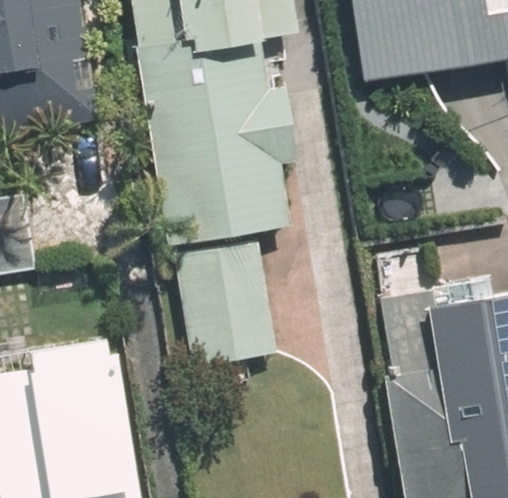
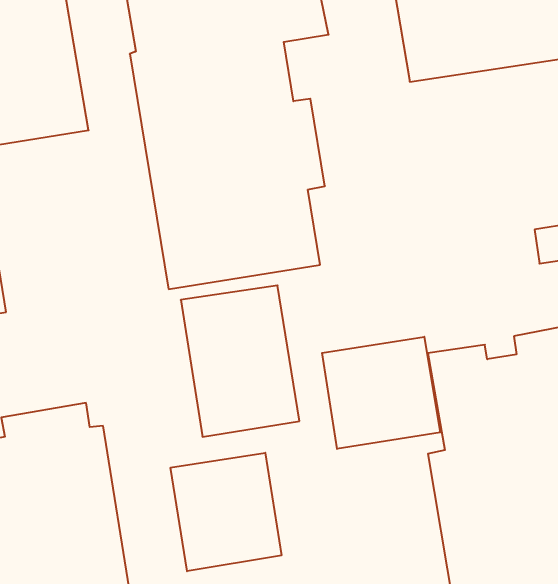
building: none -> [322,337,440,449]
building: none -> [171,453,281,571]

